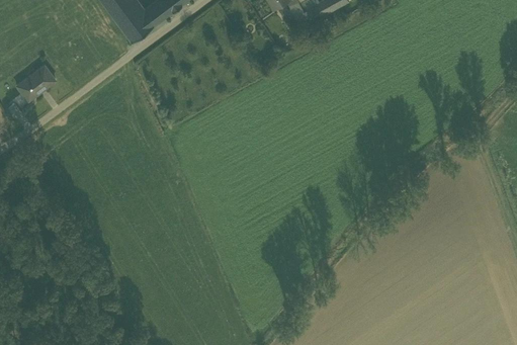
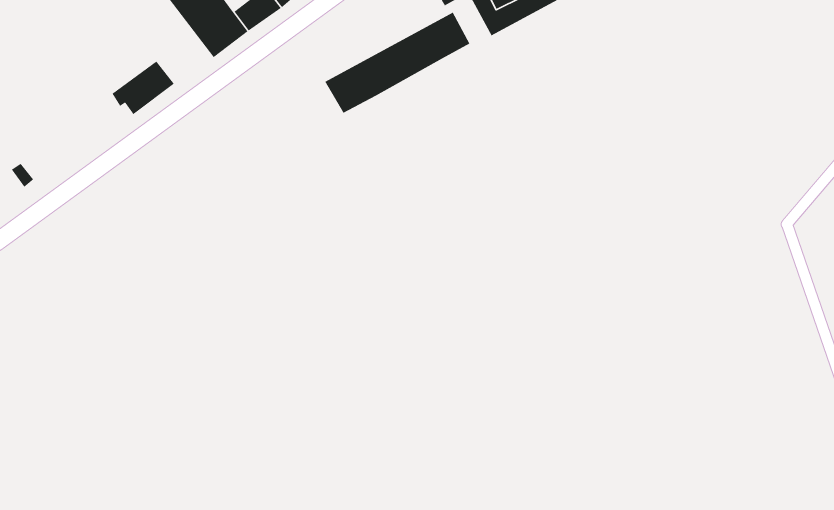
building: none -> [324,12,471,114]
building: [16,67,55,100] -> [112,60,175,115]

